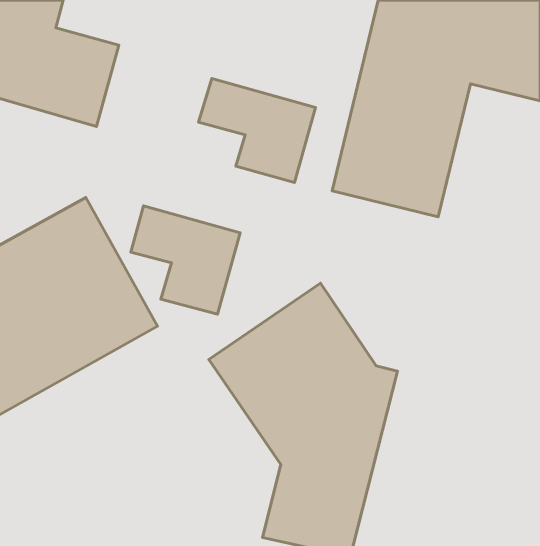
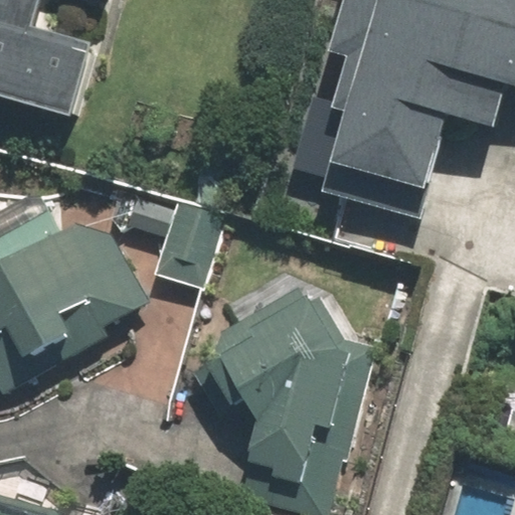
building: [199,79,315,182] -> none

